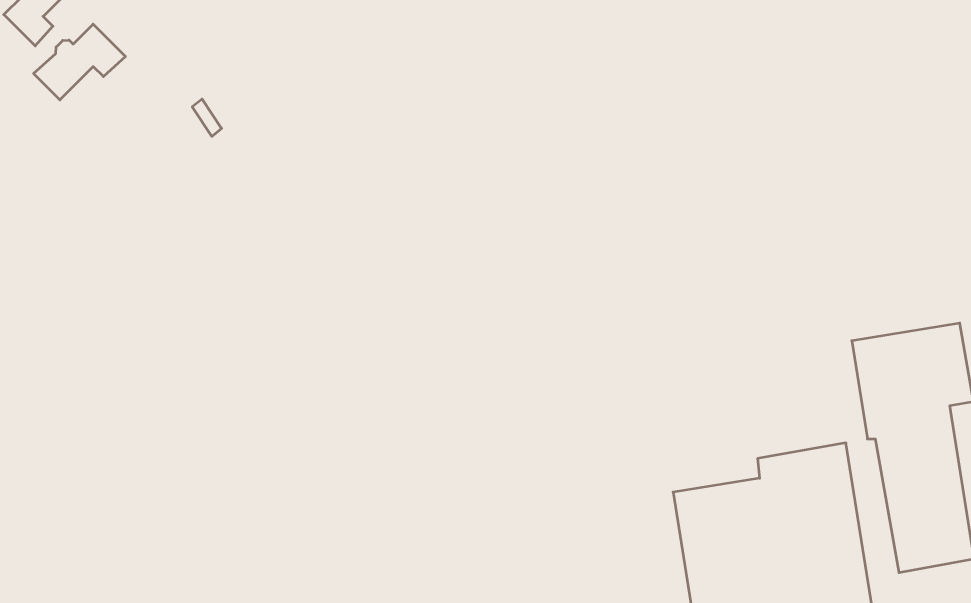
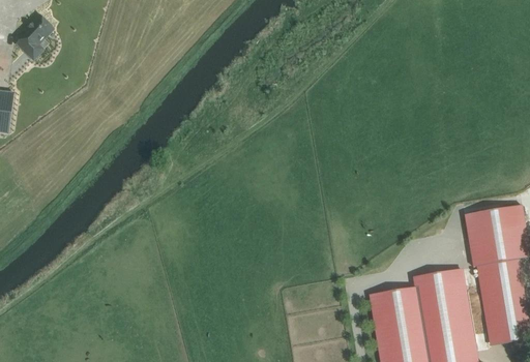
building: [34,24,125,100] -> none

